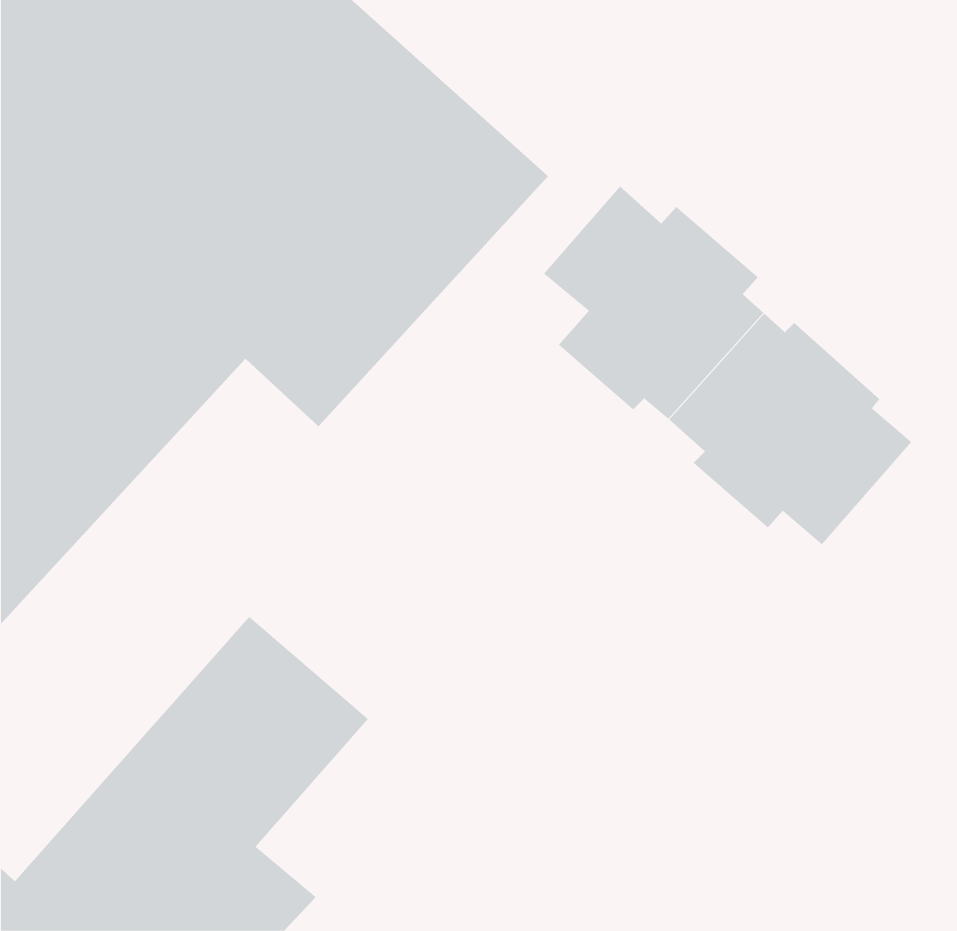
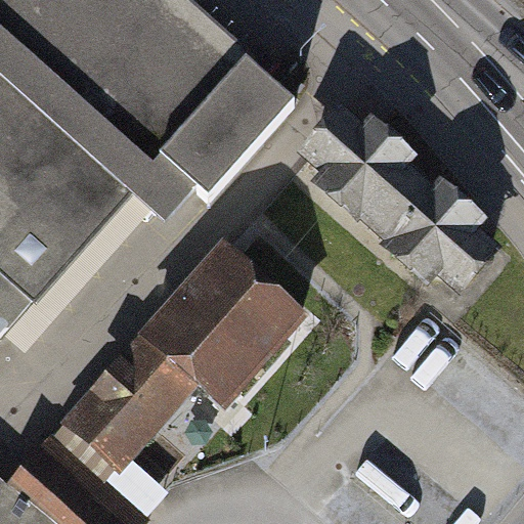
building: none -> [130,232,301,405]

